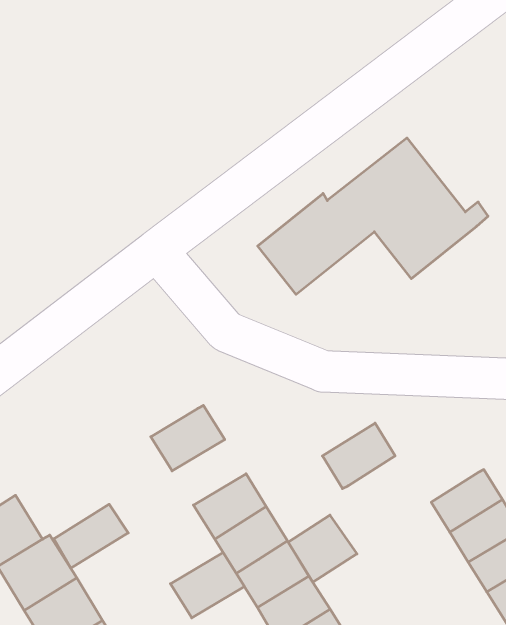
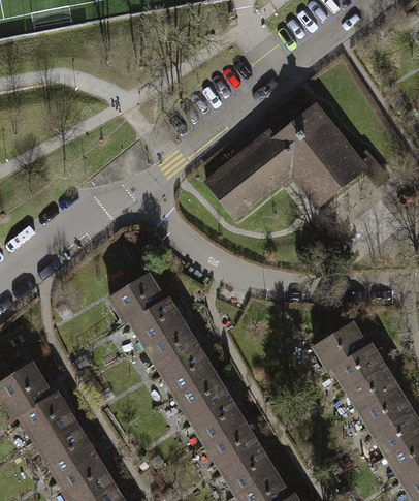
building: none -> [110,275,164,324]
building: [322,423,395,489] -> [315,323,367,371]
building: [54,504,128,568] -> none
building: [288,515,357,582] -> none
building: [170,552,244,618] -> [146,323,199,371]

